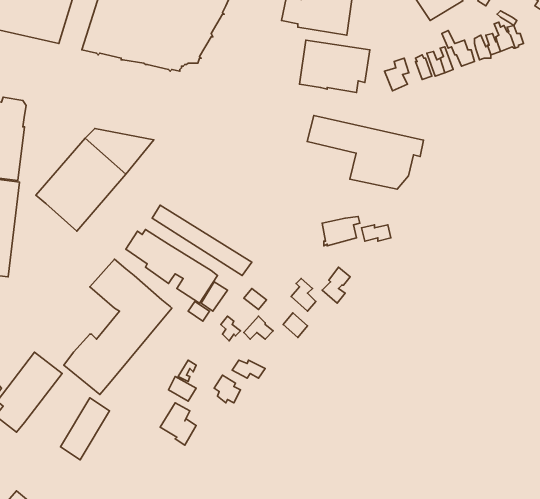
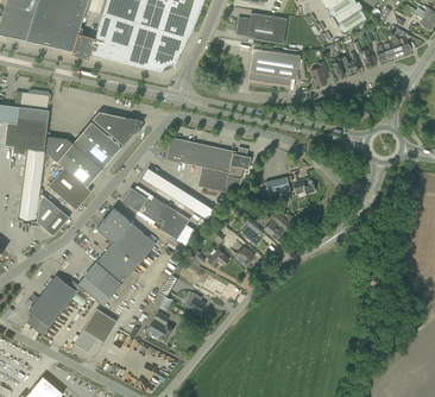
building: [307,116,423,189] -> [166,139,251,193]
building: none -> [49,166,92,209]
building: none -> [37,195,69,235]

